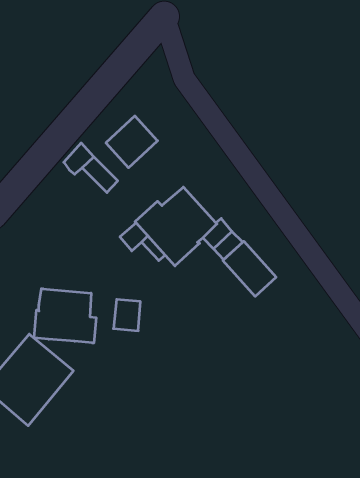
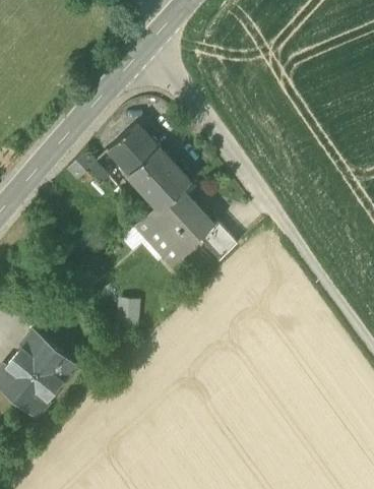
building: none -> [128,147,191,209]
building: [223,241,276,296] -> none
building: [34,289,96,343] -> none

